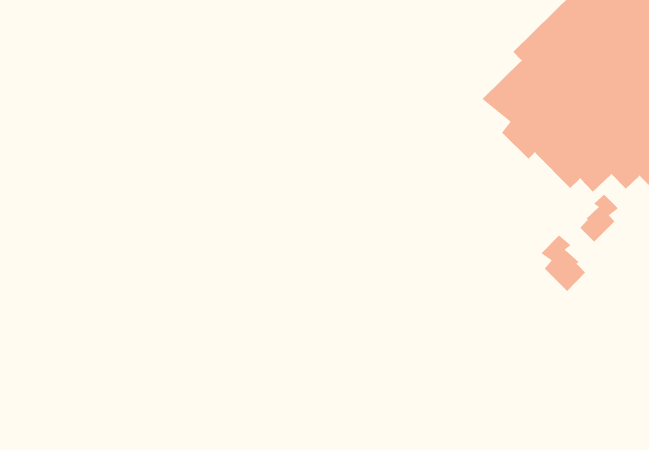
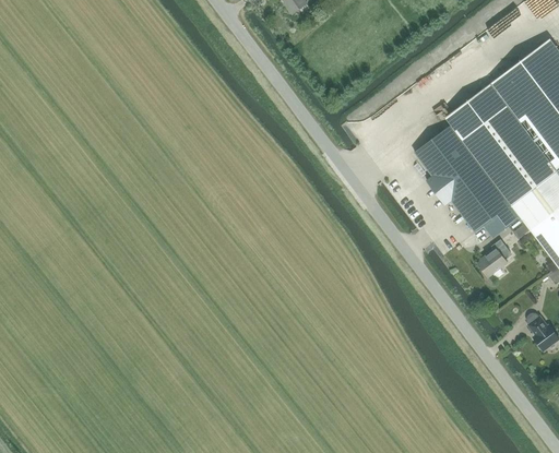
building: [540,234,586,292] -> none

